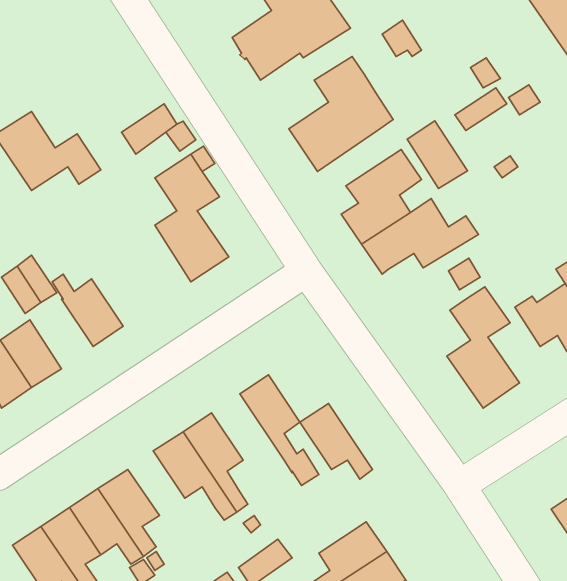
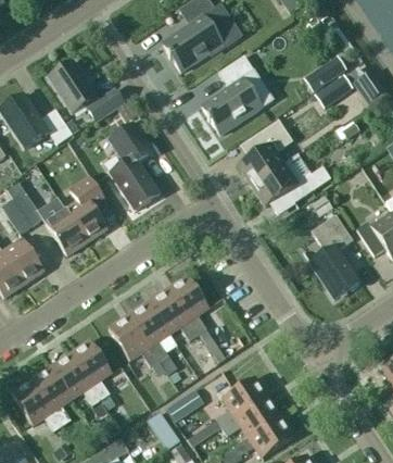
building: none -> [48,60,97,113]
building: [407,121,467,188] -> none
building: none -> [65,177,107,241]
building: [300,403,373,479] -> [148,288,198,340]

